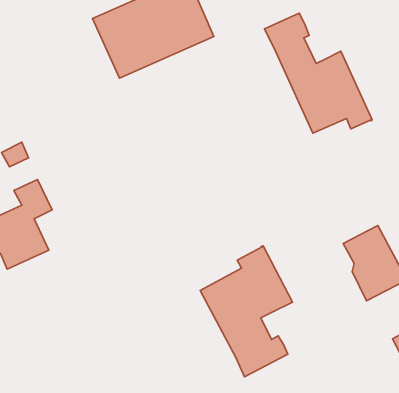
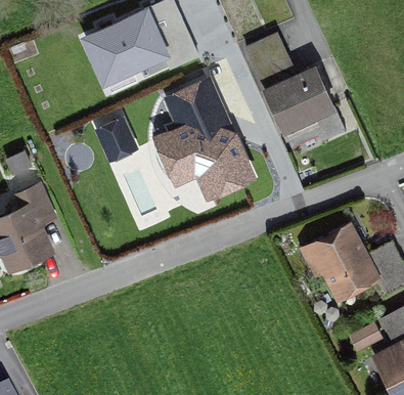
building: none -> [155,78,254,195]
building: [200,246,292,377] -> none

